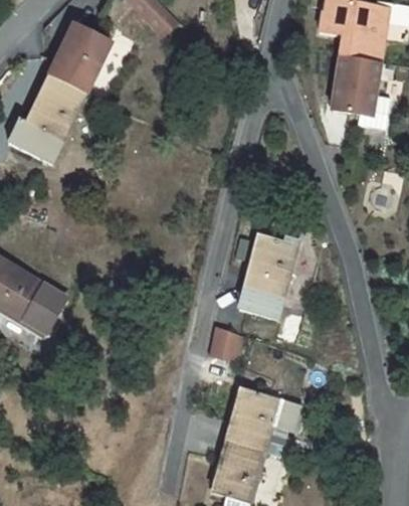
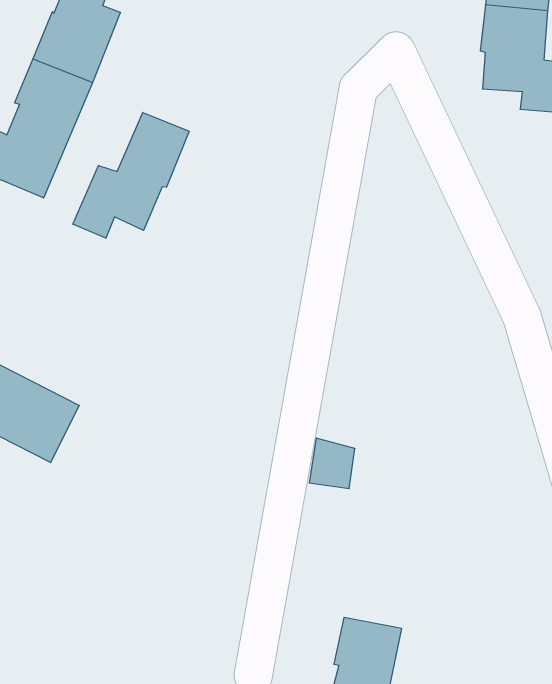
building: none -> [73,112,189,238]
building: [239,233,299,318] -> none
building: [227,388,300,456] -> none

